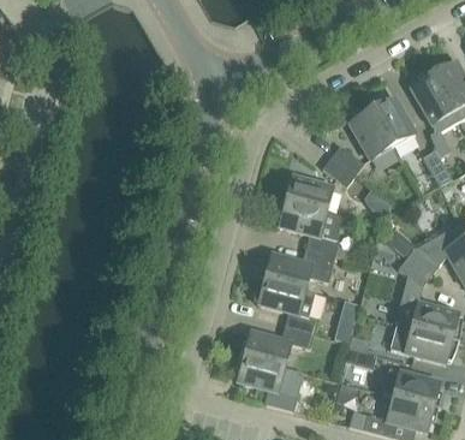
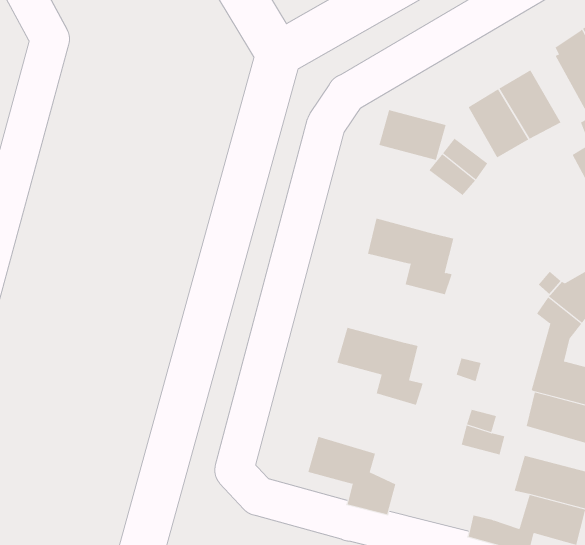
building: [285,176,333,212] -> [378,109,447,161]
building: [264,248,334,289] -> none
building: [244,325,314,367] -> none

